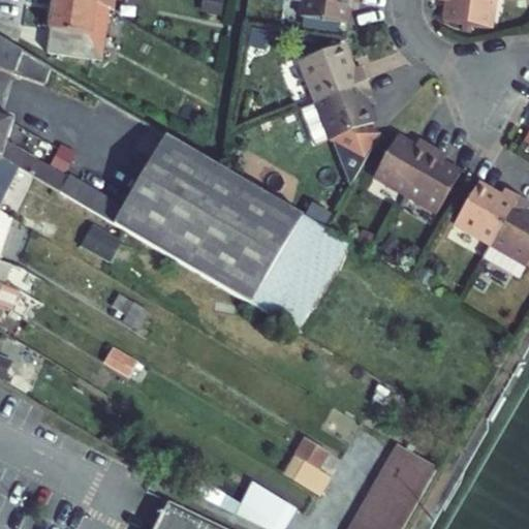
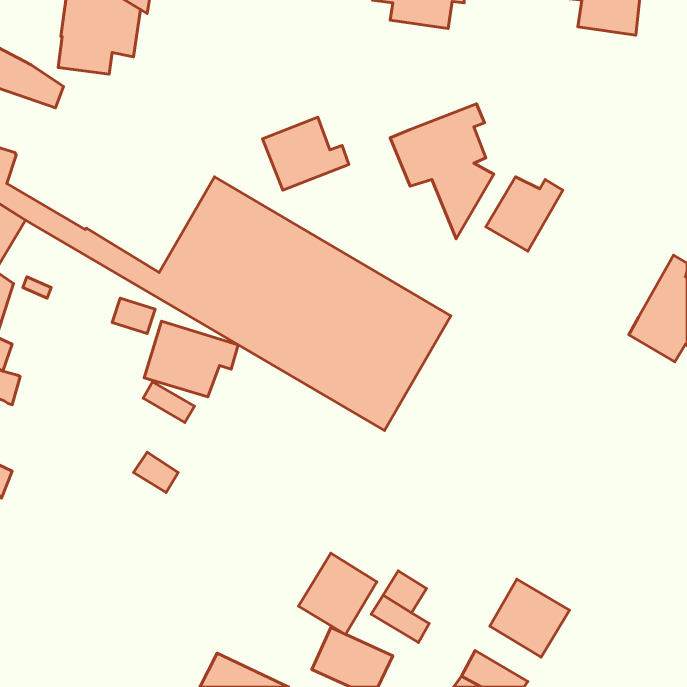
building: [299,43,365,99] -> [262,117,349,190]
building: [404,146,458,211] -> none
building: [453,183,516,243] -> none
building: none -> [144,321,238,397]
building: none -> [299,553,377,634]
building: [364,479,414,522] -> none

